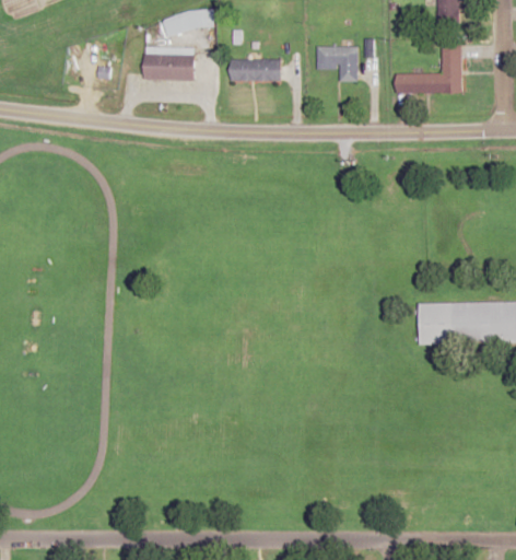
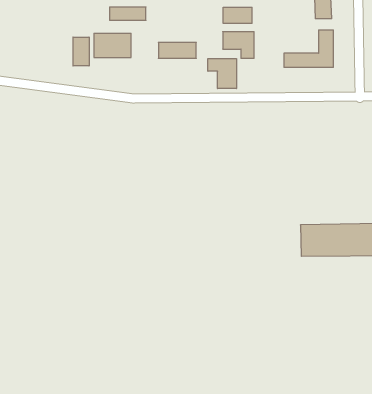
building: none -> [223,7,252,23]
building: none -> [73,37,89,66]
building: none -> [208,59,236,89]

